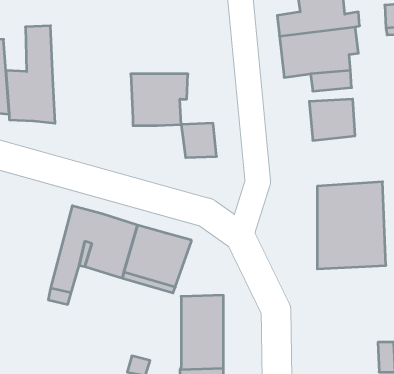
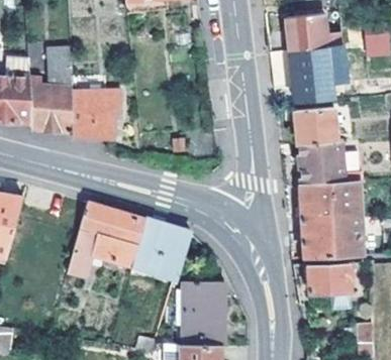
building: [131,74,188,126] -> [70,90,120,135]
building: none -> [299,140,361,185]
building: none -> [308,260,355,296]

